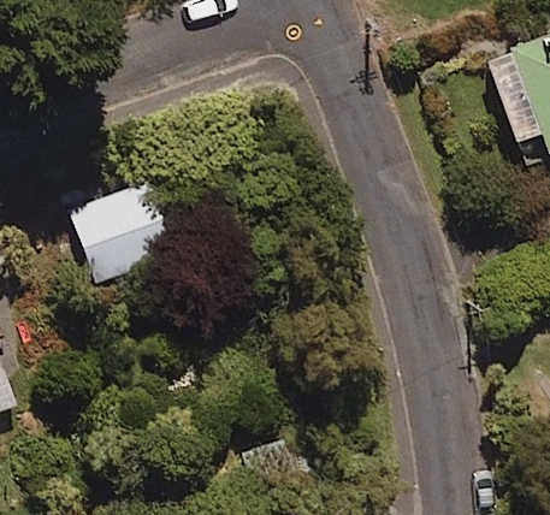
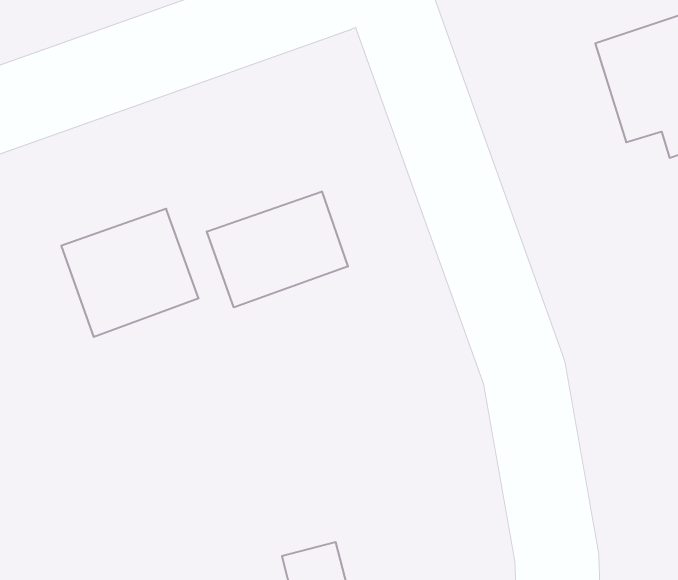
building: none -> [207,191,348,307]

